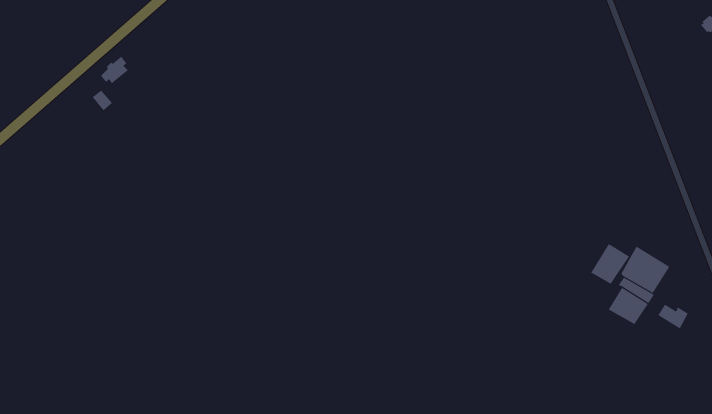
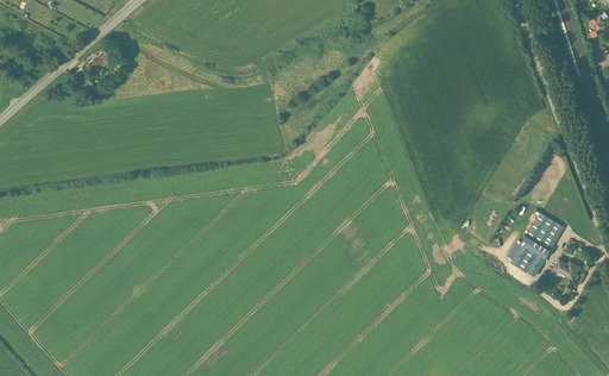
building: [591,243,630,285] -> none

